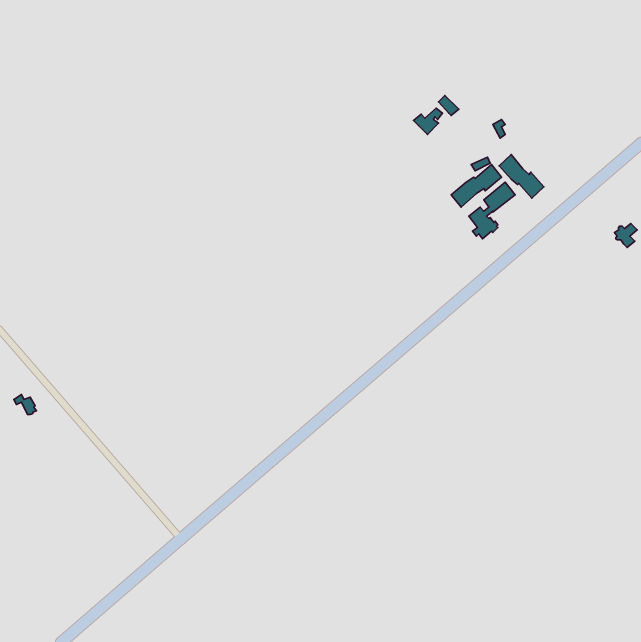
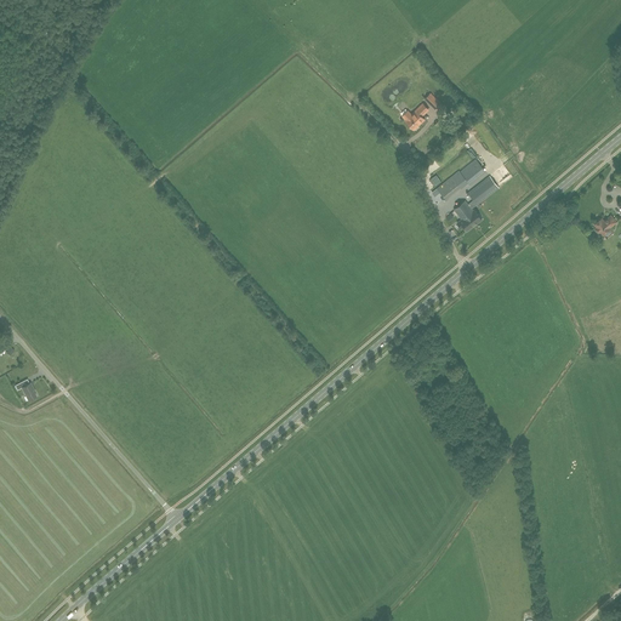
building: [499,154,544,198] -> none

